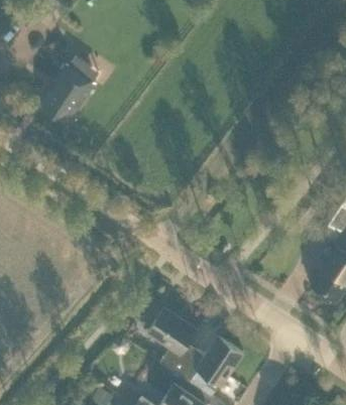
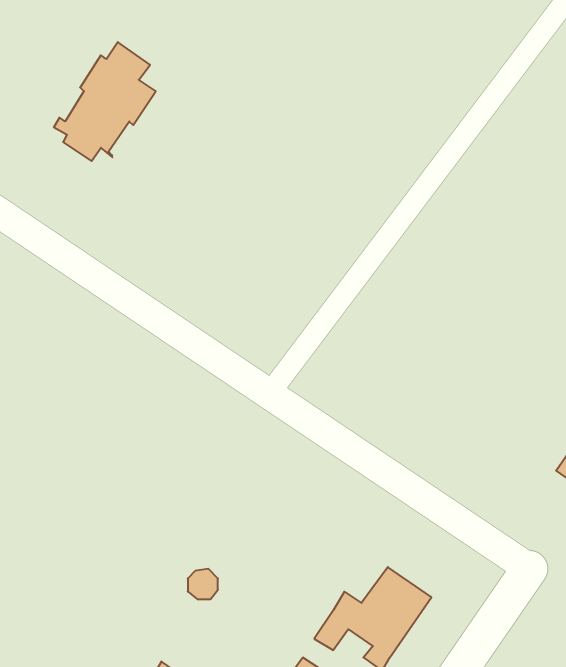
building: [147,308,196,376] -> none

